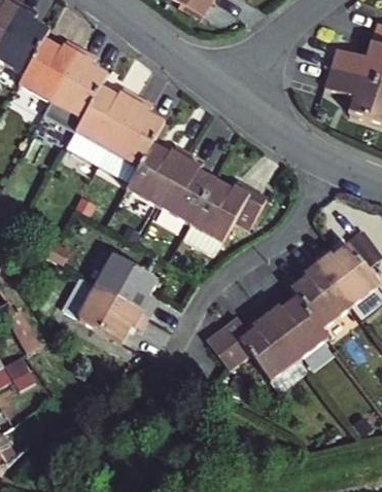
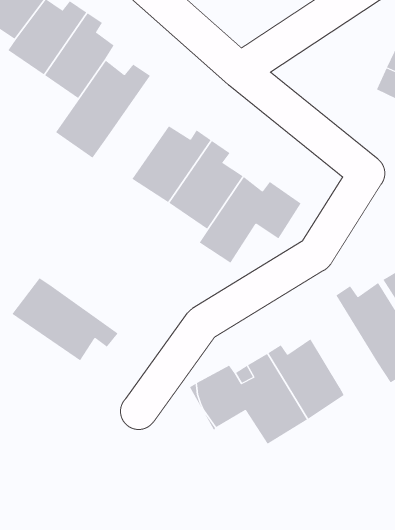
building: [101,97,167,185] -> none
building: [78,245,144,309] -> none
building: [286,260,348,335] -> none

